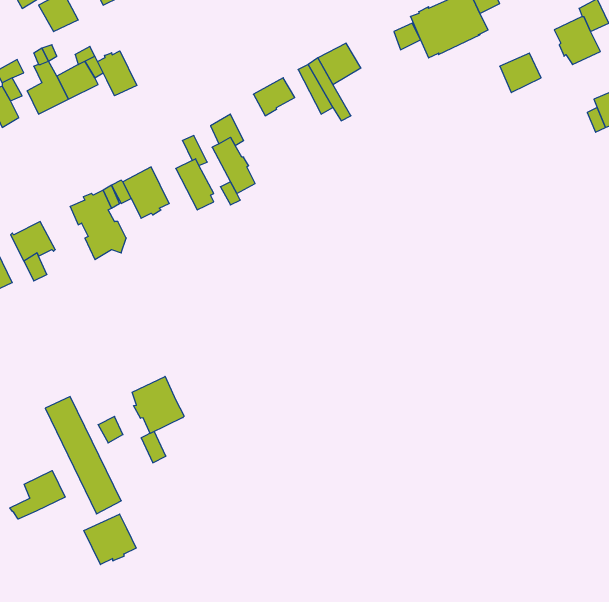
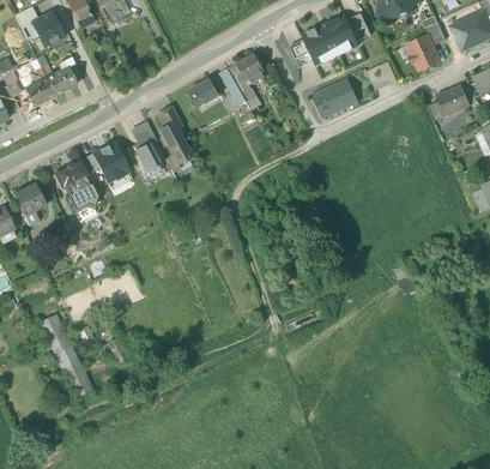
building: [97,51,137,96] -> none
building: none -> [313,82,351,116]
building: [132,376,184,433] -> none
building: [10,471,65,519] -> none
building: [84,514,136,565] -> none

